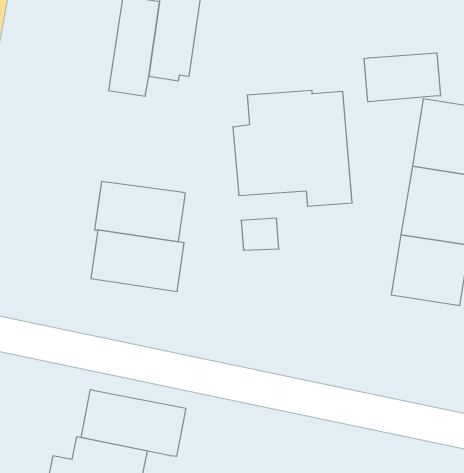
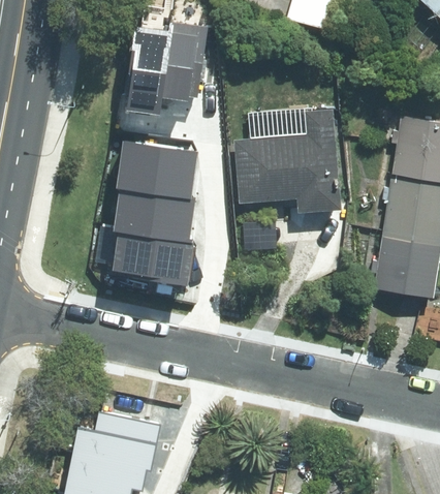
building: [364,53,440,102] -> none
building: none -> [116,142,196,198]
building: [81,389,186,456] -> none

